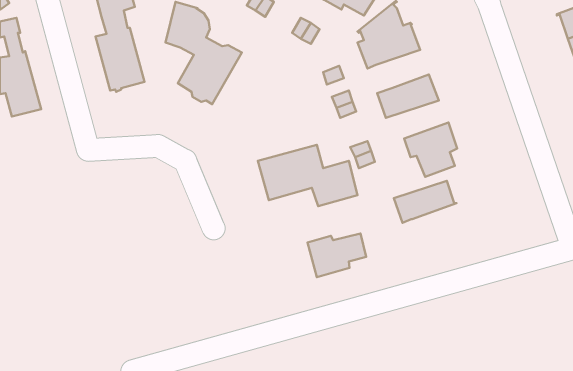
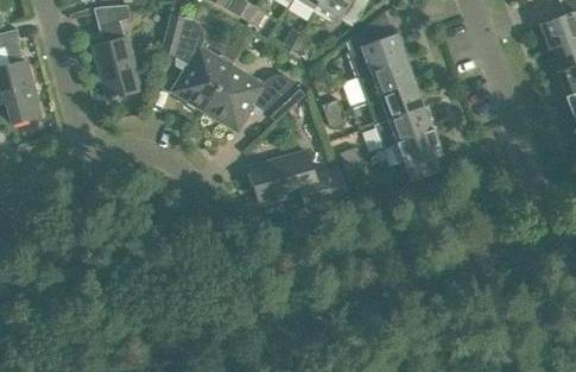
building: none -> [356,59,416,101]
building: none -> [207,62,305,131]
building: [394,181,457,223] -> [374,108,435,149]
building: [307,233,366,277] -> none

